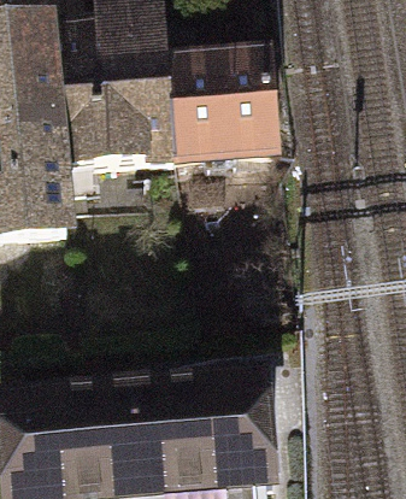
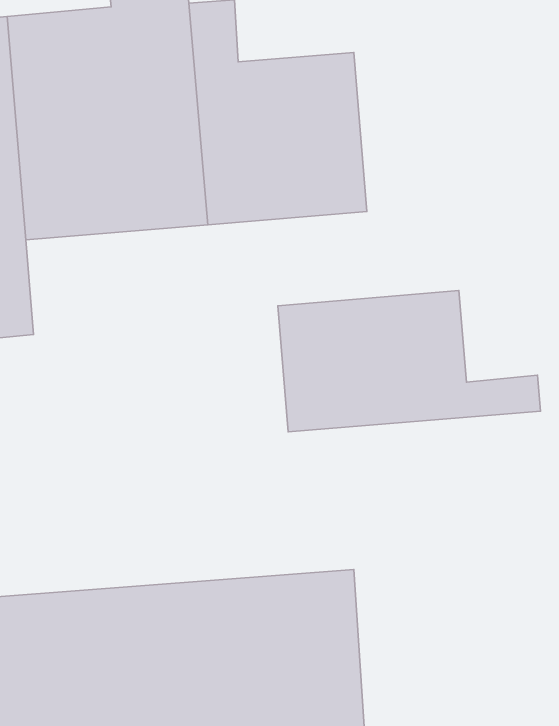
building: none -> [278,291,541,432]

